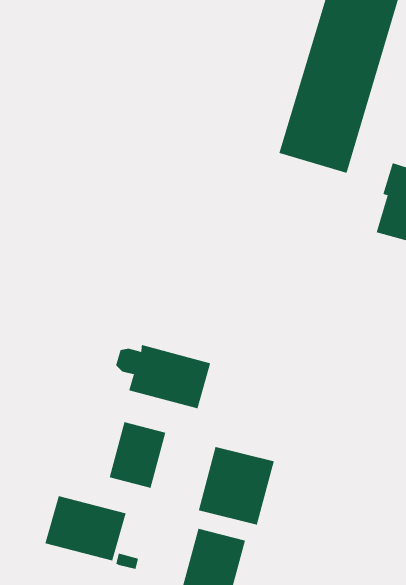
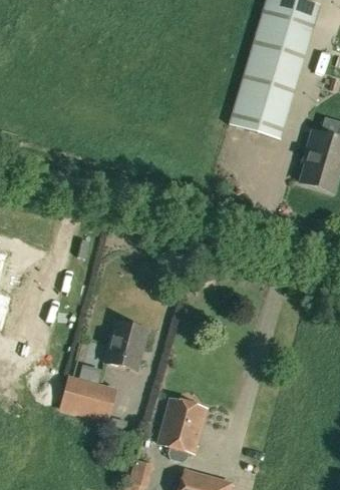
building: [116,344,211,409] -> none
building: [198,446,274,525] -> none

